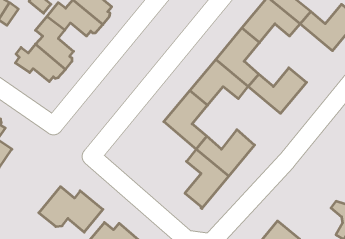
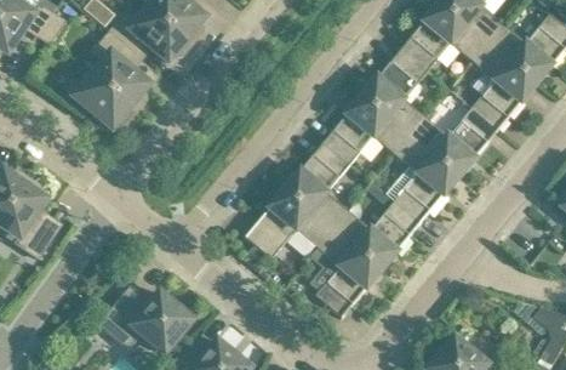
building: none -> [471,41,537,129]
building: none -> [394,135,459,222]
building: none -> [245,187,333,257]

